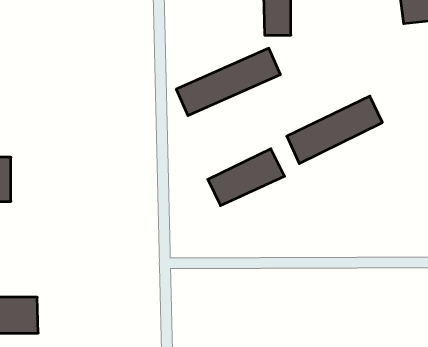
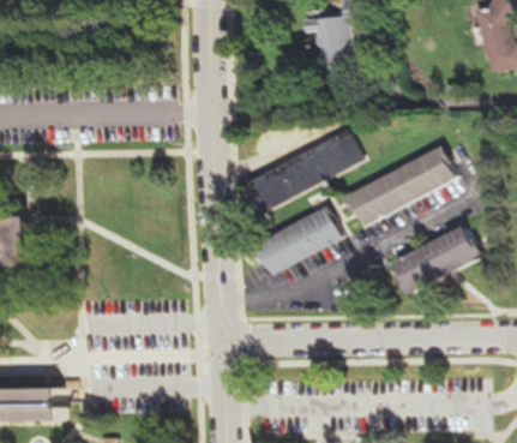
building: [176,48,280,116] -> [241,134,360,211]
building: none -> [386,227,476,293]

